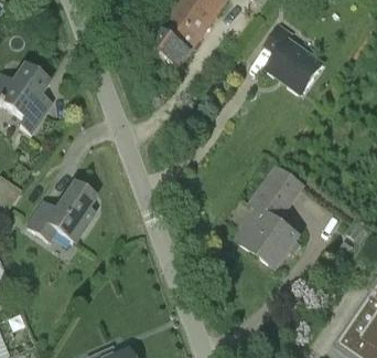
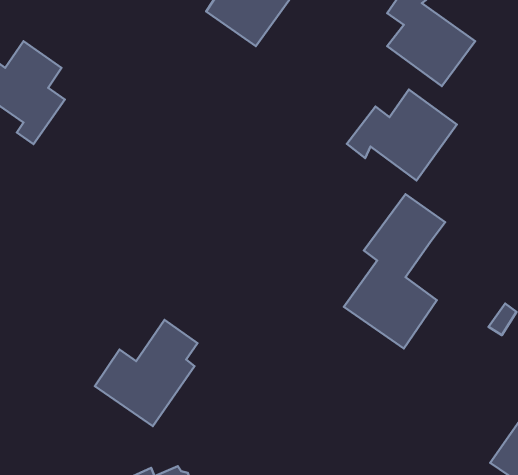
building: none -> [347,90,457,180]
building: [28,181,96,252] -> [95,320,198,426]

